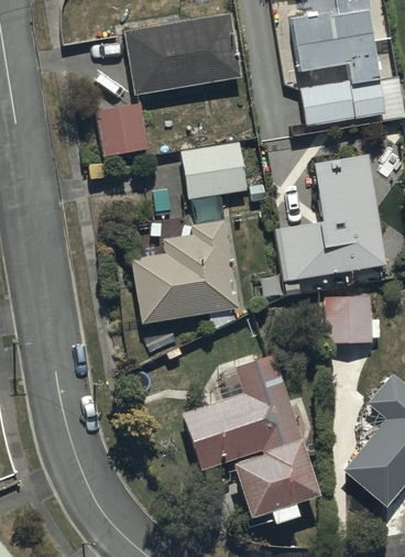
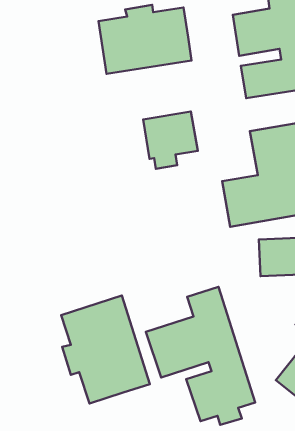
building: [95,101,149,154] -> none
building: [129,219,239,324] -> none
building: none -> [61,296,150,404]

